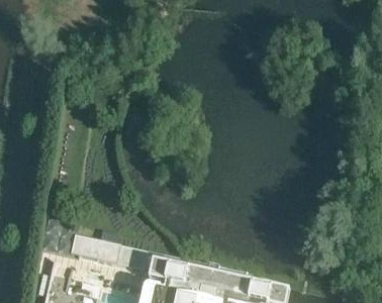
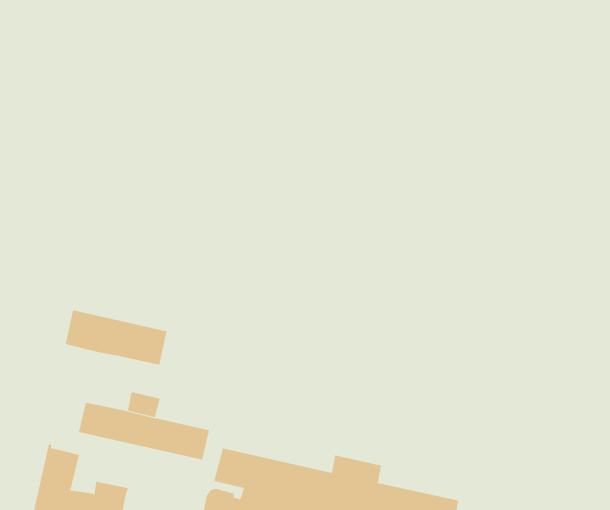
building: none -> [65,310,167,366]

